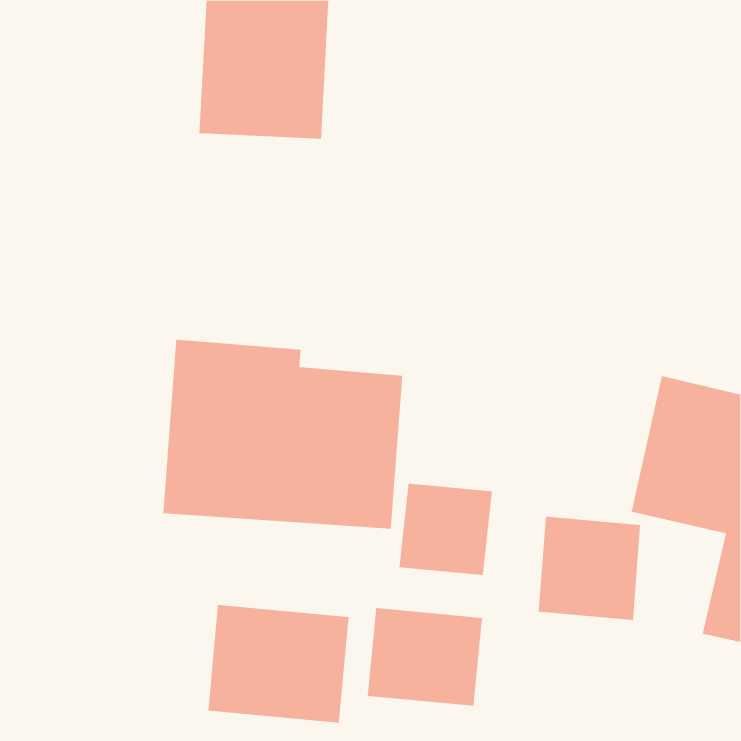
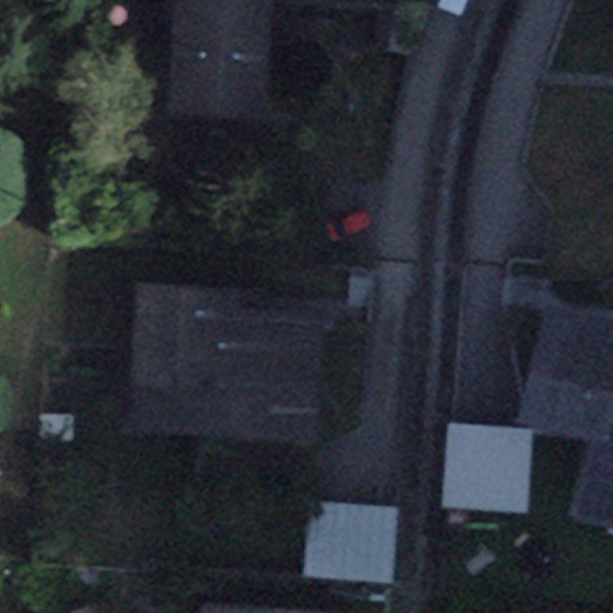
building: [399,483,492,576] -> none
building: [208,604,349,724] -> none

